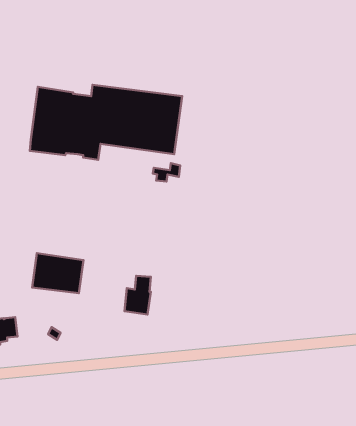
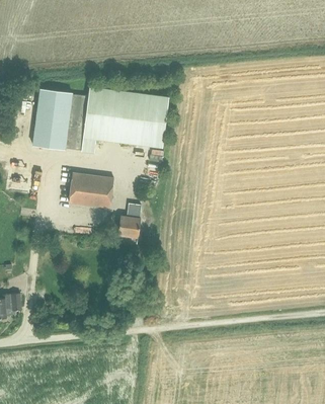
building: [32,253,83,293] -> [68,172,113,208]
building: [125,276,151,315] -> [117,204,141,238]

